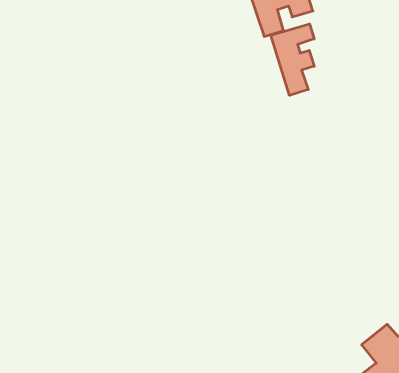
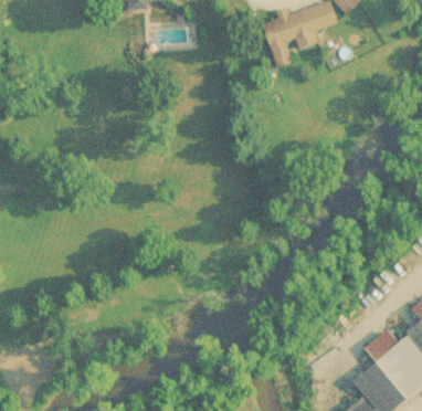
building: [271,24,314,95] -> none

